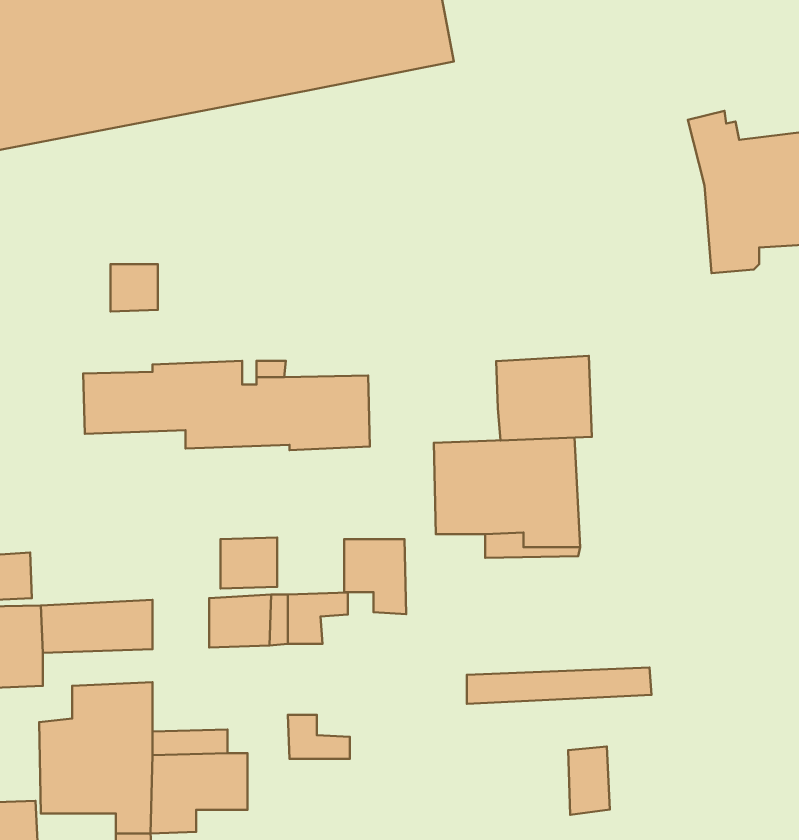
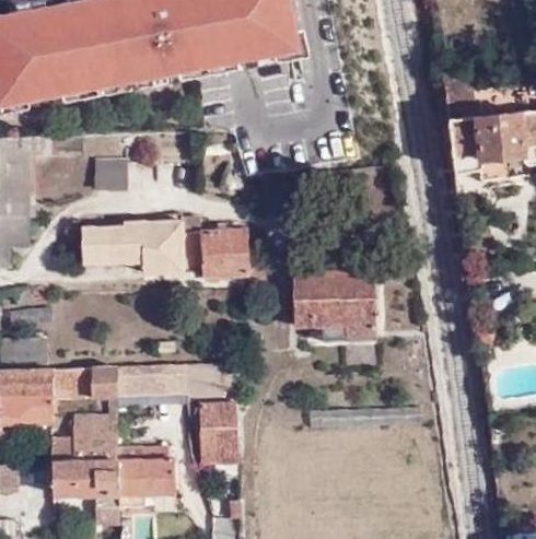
building: [496,356,592,440] -> none
building: [220,537,277,589] -> [120,367,154,398]
building: [344,539,406,614] -> [201,406,238,450]
building: [568,747,610,815] -> none

